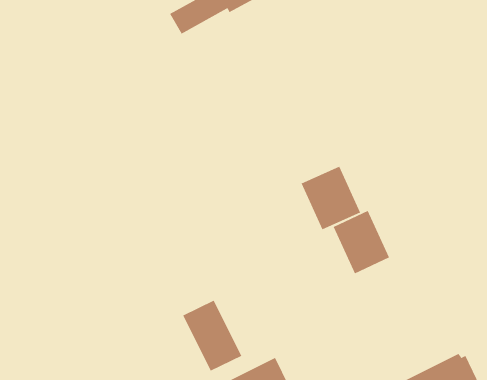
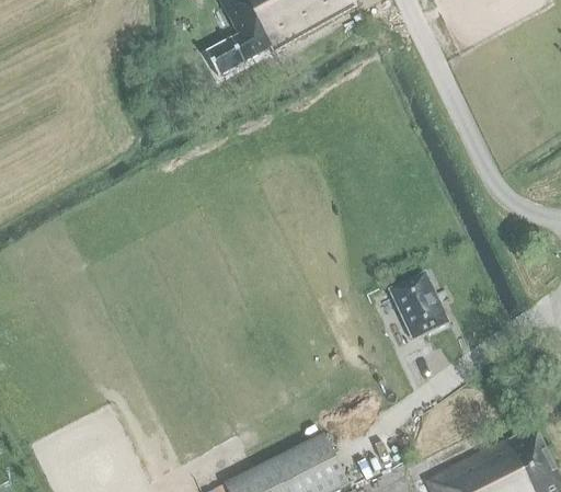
building: [301,166,361,230] -> none
building: [182,300,242,371] -> none

